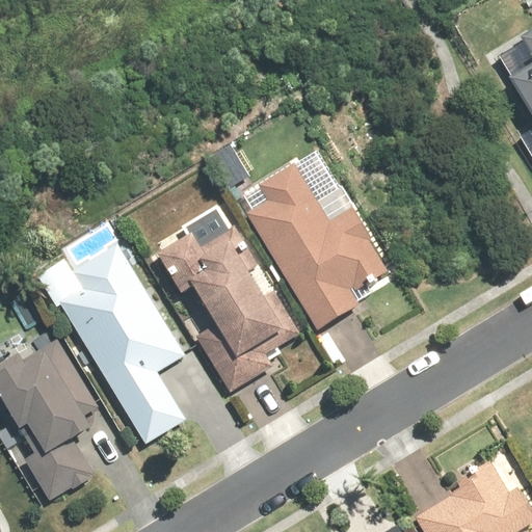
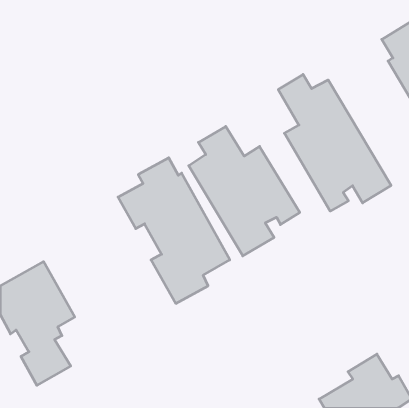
building: none -> [278,74,391,211]
building: [58,246,183,442] -> none

